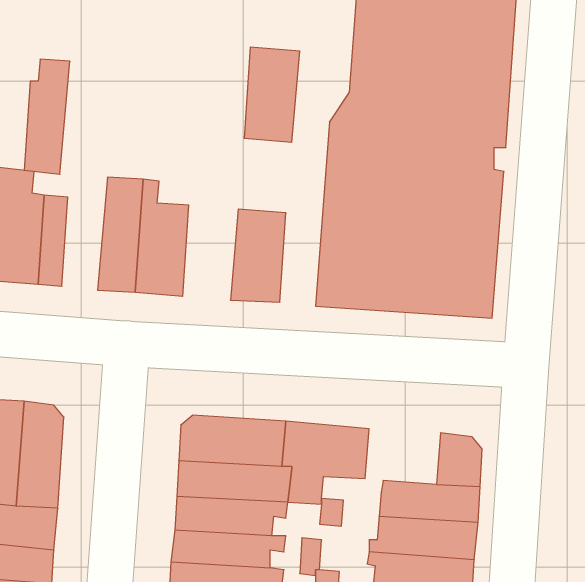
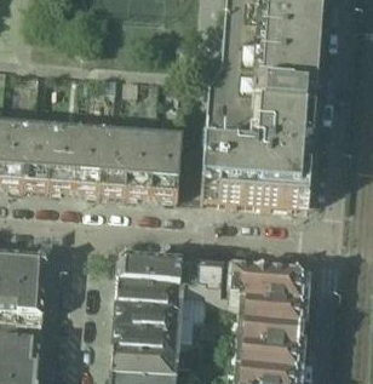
building: [244,47,300,142] -> [121,132,155,190]
building: [24,59,70,174] -> [47,114,75,184]
building: none -> [233,269,279,303]

